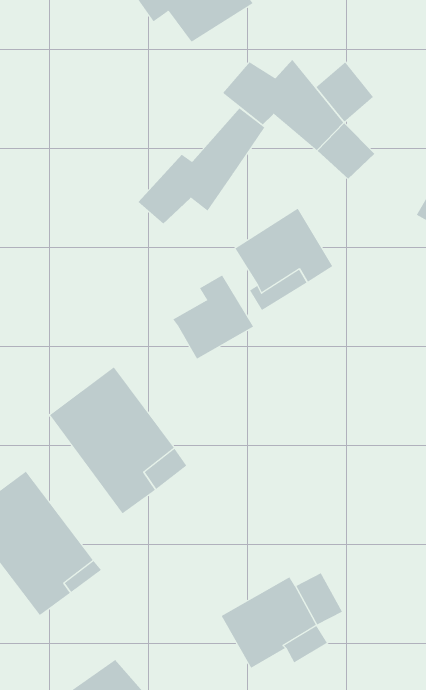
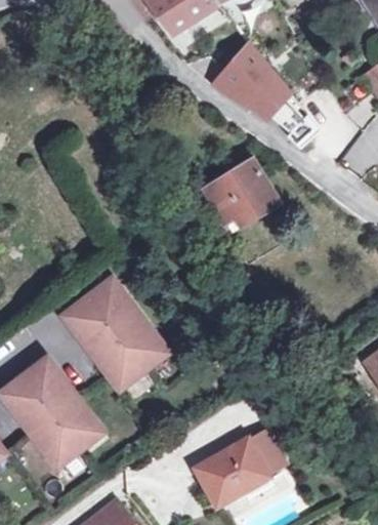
building: [137,108,265,225] -> none
building: [173,274,254,359] -> none

